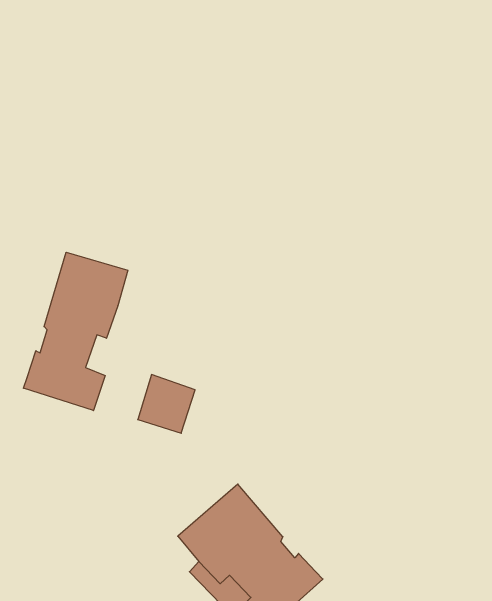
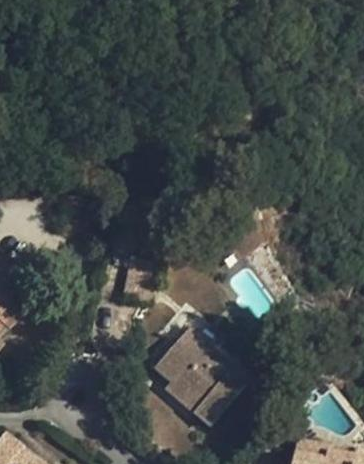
building: [23,252,128,411] -> none

